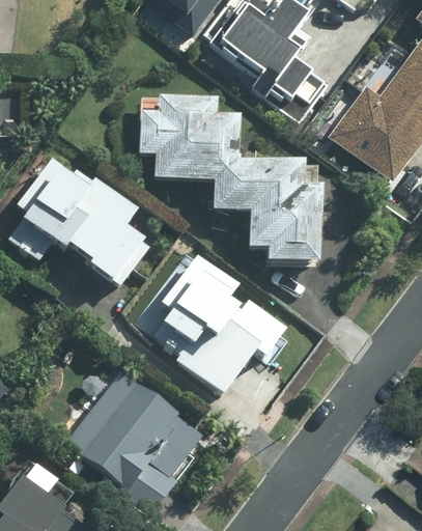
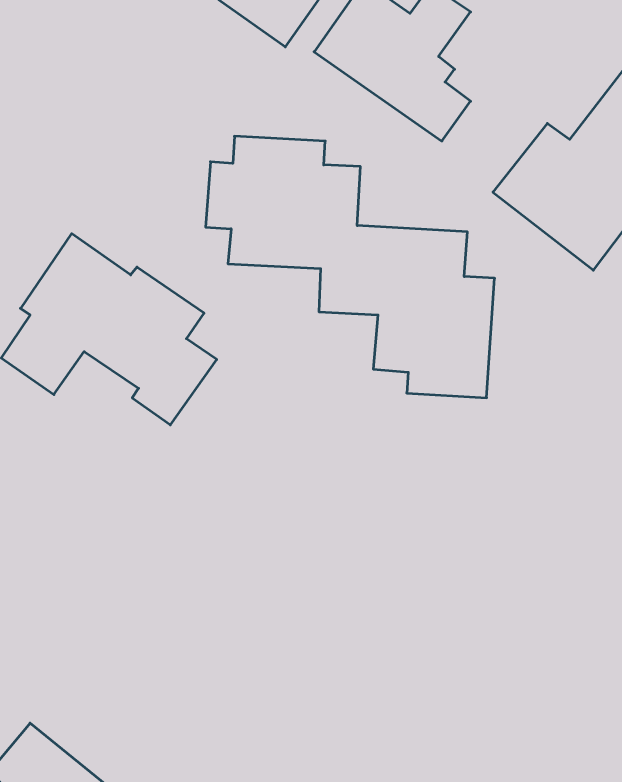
building: [130,247,288,393] -> none
building: [71,371,205,501] -> none

